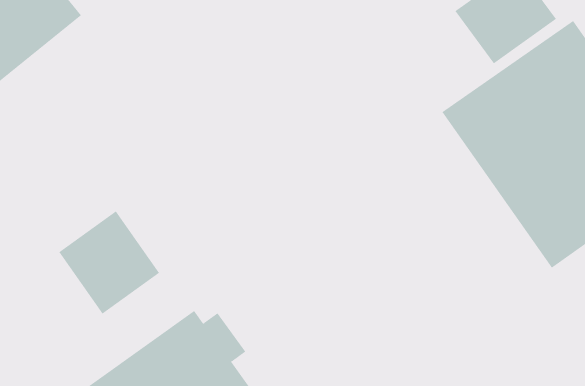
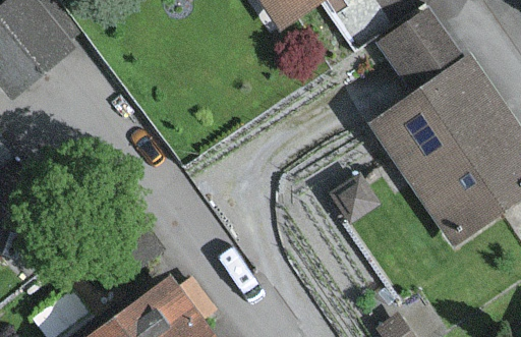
building: [58,211,160,314] -> none

